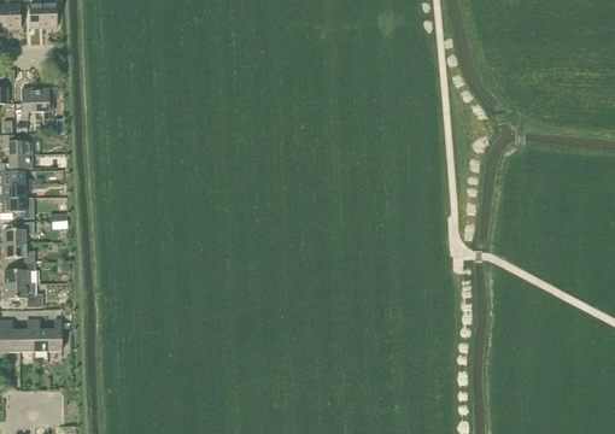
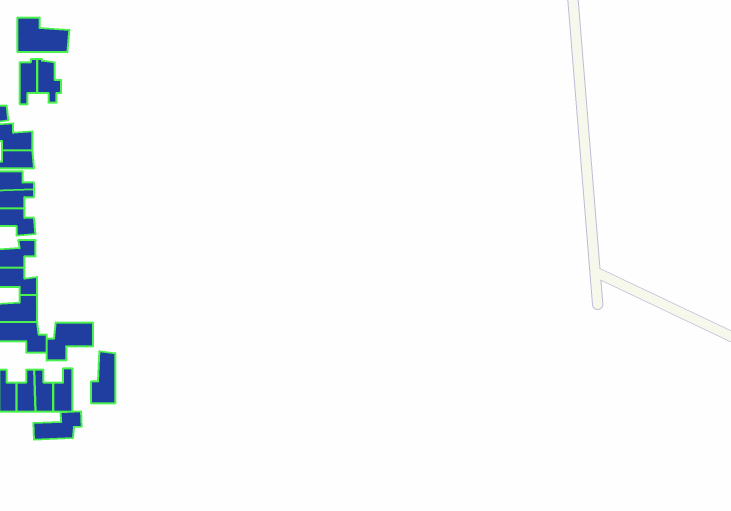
building: none -> [18,17,69,52]
building: none -> [47,322,93,361]
building: none -> [91,351,115,403]
building: none -> [33,411,82,440]

